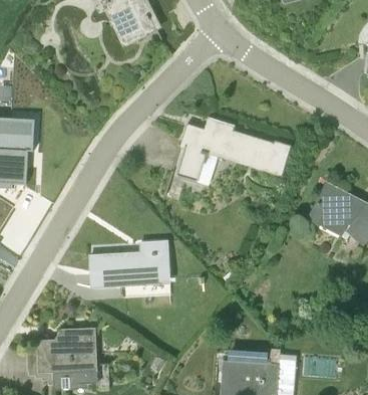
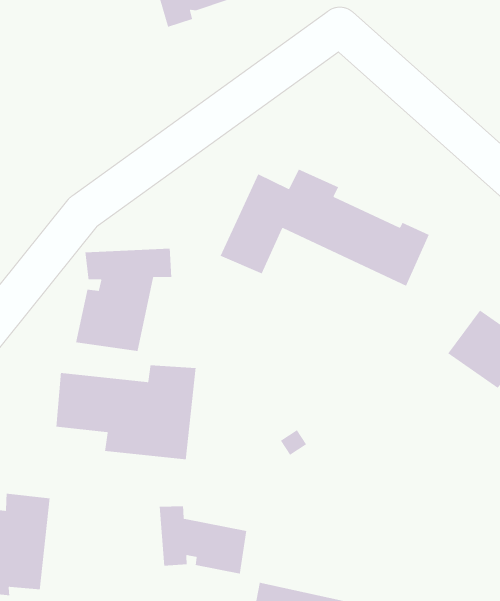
building: none -> [75,248,172,352]
building: none -> [159,505,247,574]

